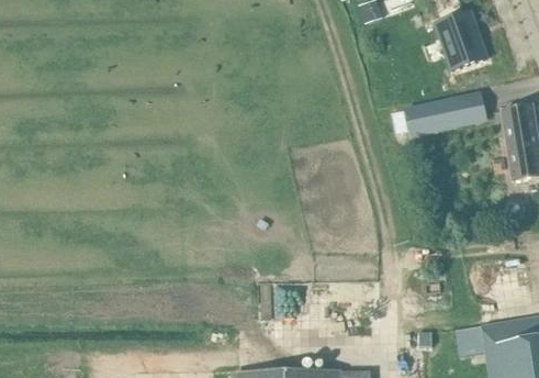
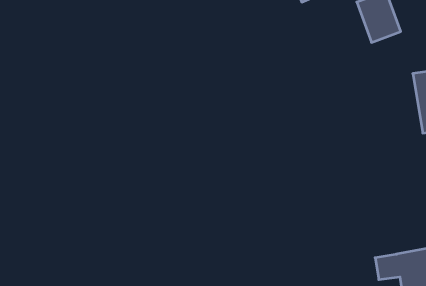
building: [406,96,472,131] -> none

